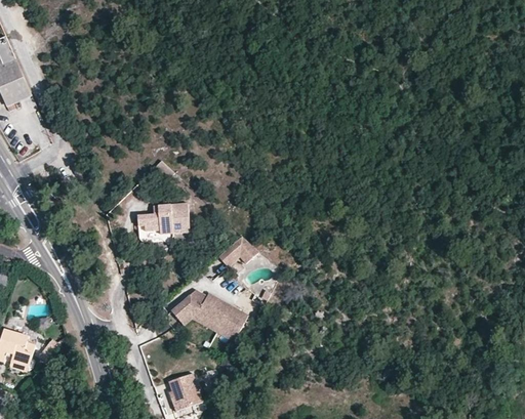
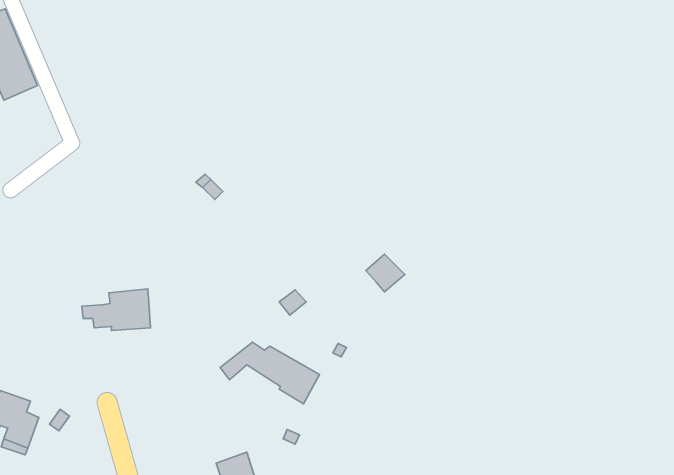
building: [135,204,188,236] -> [82,289,150,330]
building: [228,237,257,265] -> [366,254,405,292]
building: [177,306,234,341] -> none

